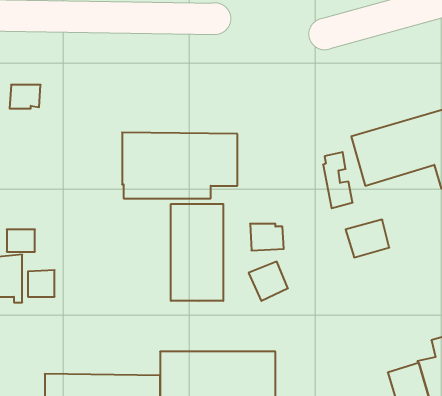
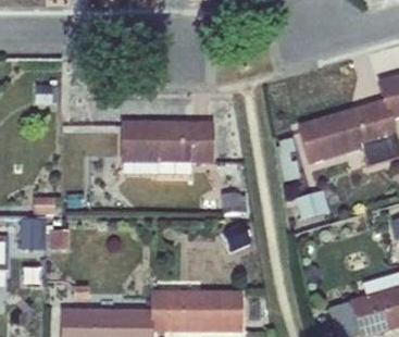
building: [171,204,223,301] -> none

